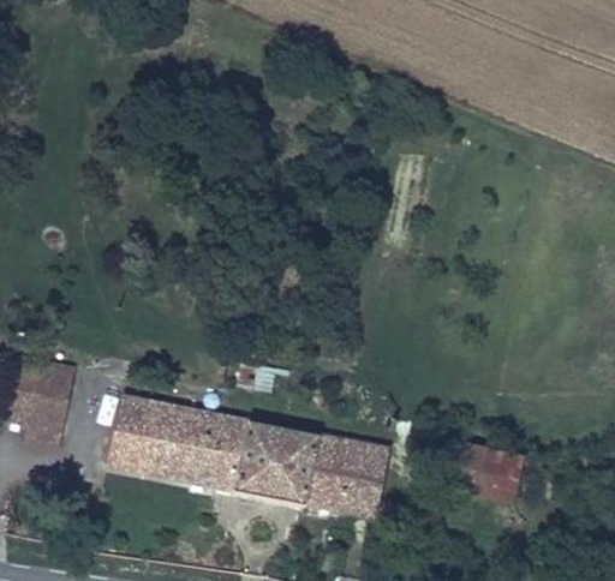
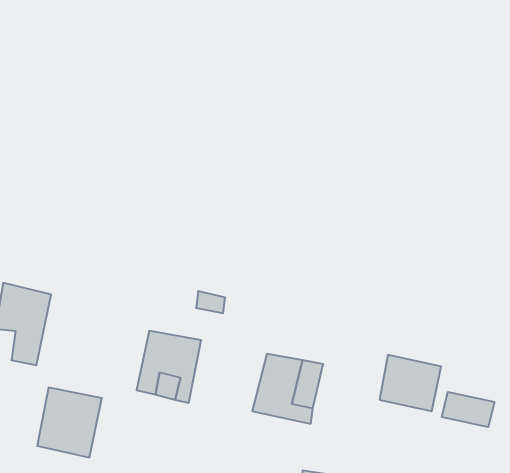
building: [111,396,185,477] -> [37,388,102,457]
building: [231,419,321,505] -> none
building: none -> [442,392,494,427]

